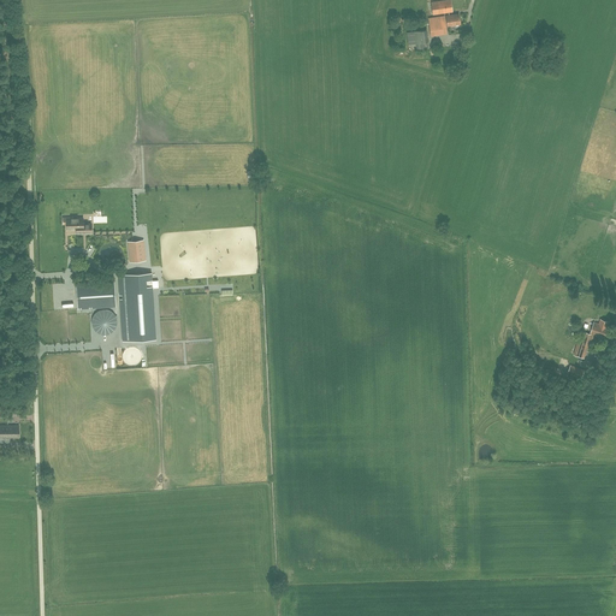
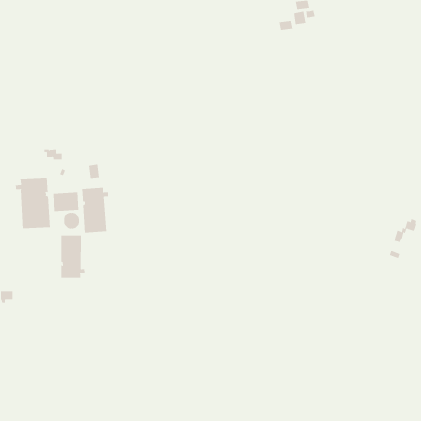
building: none -> [15,177,50,229]
building: none -> [61,235,85,279]

